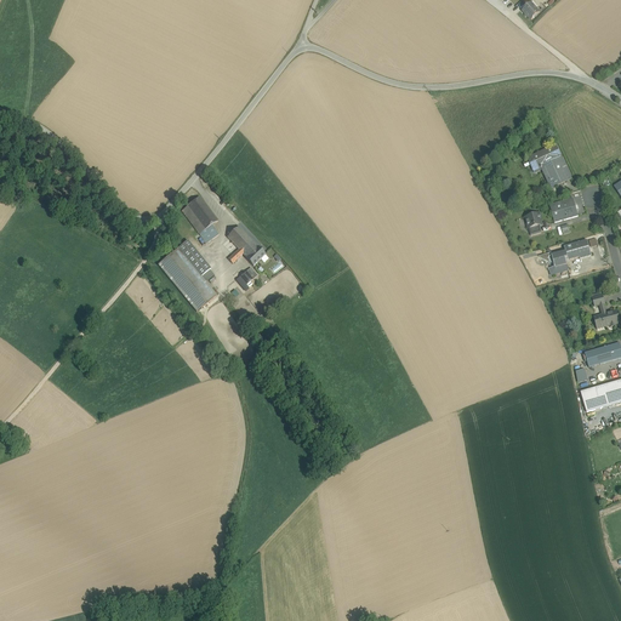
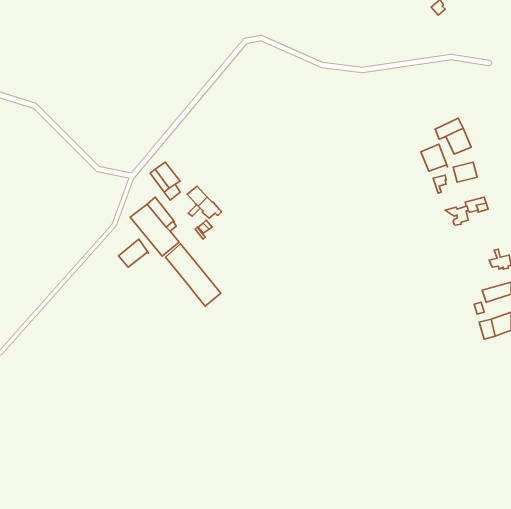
building: none -> [421,144,447,171]
building: none -> [119,239,149,267]
building: none -> [166,244,221,306]

